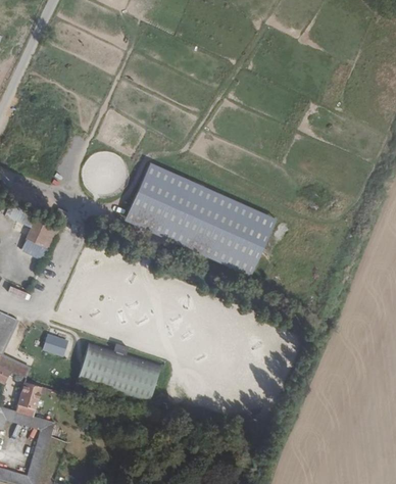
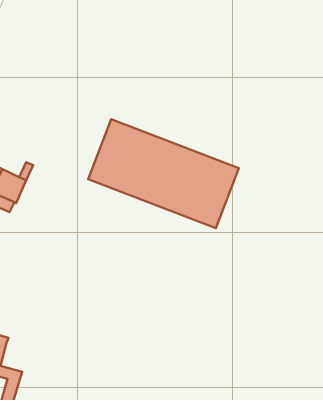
building: [42,332,68,356] -> none
building: [76,342,158,402] -> none

